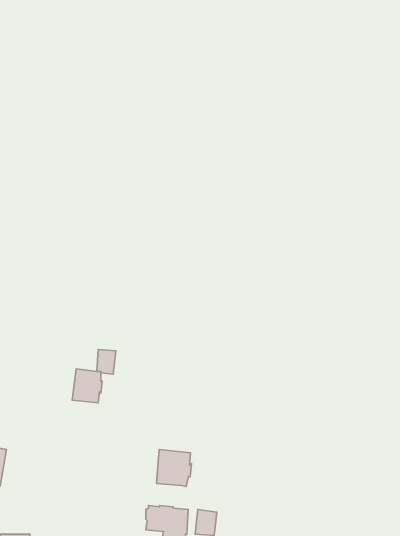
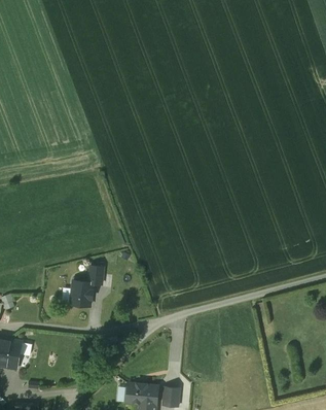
building: [156,450,192,487] -> none

